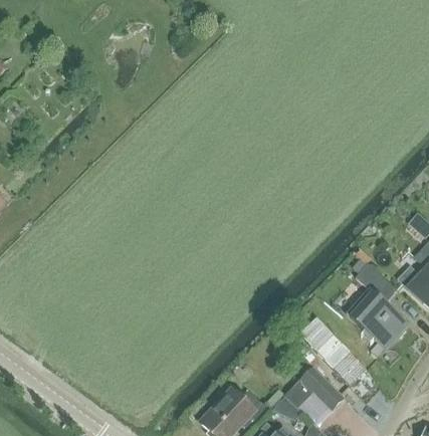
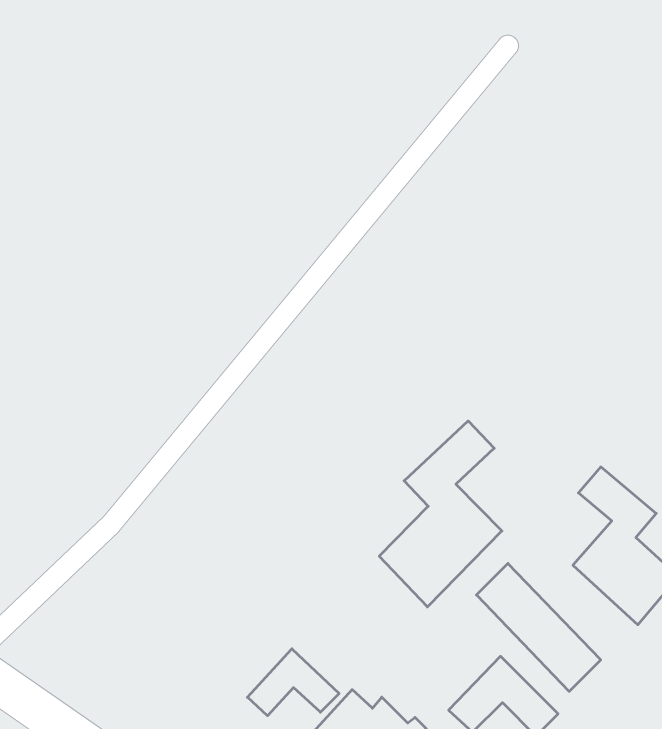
building: none -> [379,421,502,607]
building: none -> [247,649,339,716]

